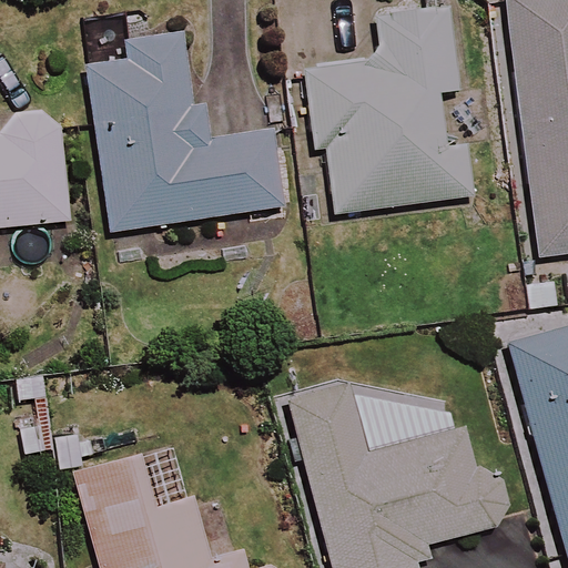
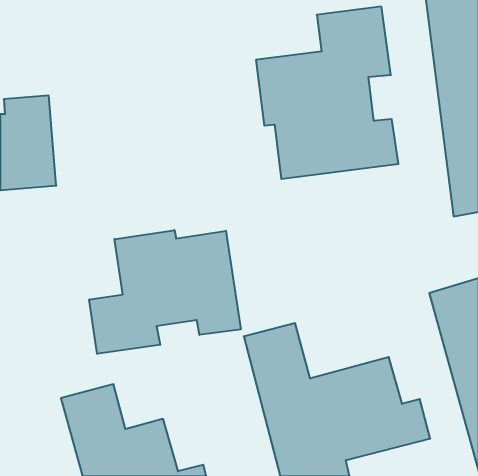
building: [87,34,285,230] -> none
building: none -> [89,230,241,354]

